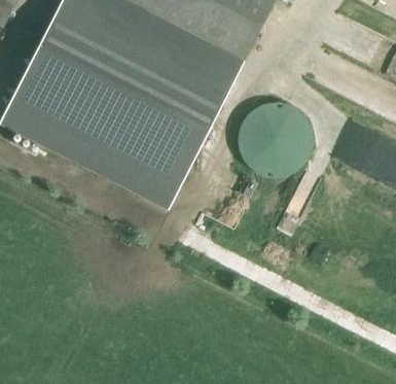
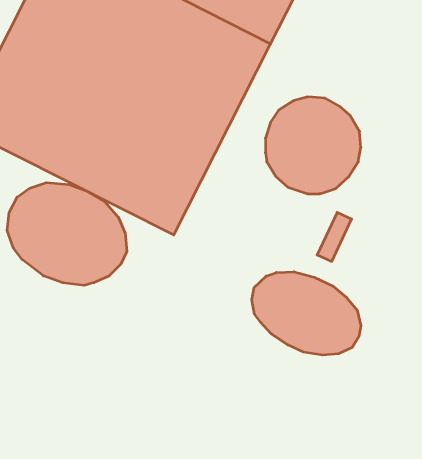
building: none -> [7,183,127,285]
building: none -> [252,272,361,355]

